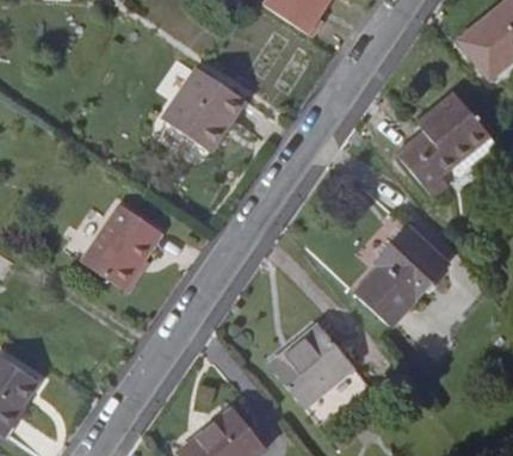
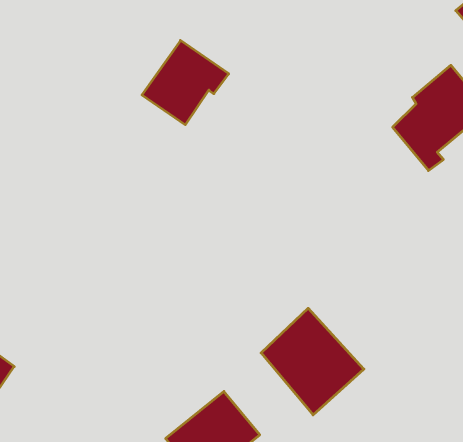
building: [79,204,153,289] -> none
building: [344,217,451,325] -> none

